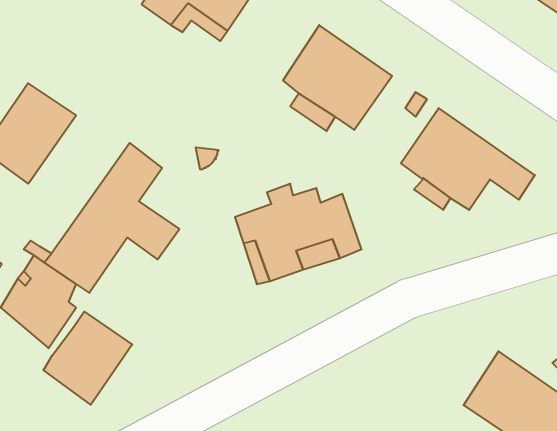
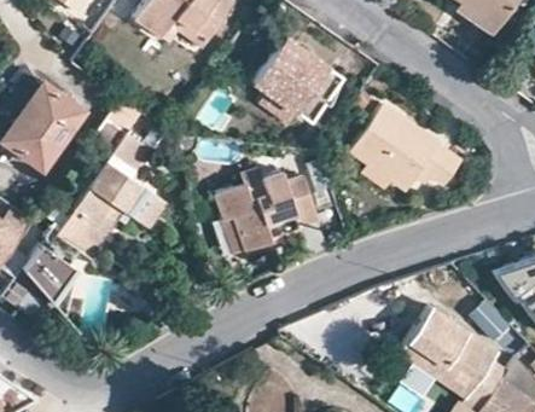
building: [44,312,132,405] -> none

